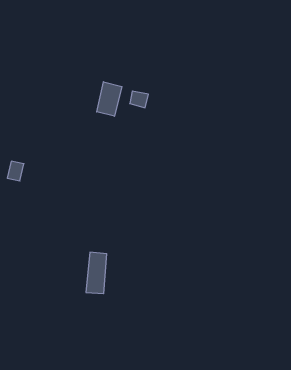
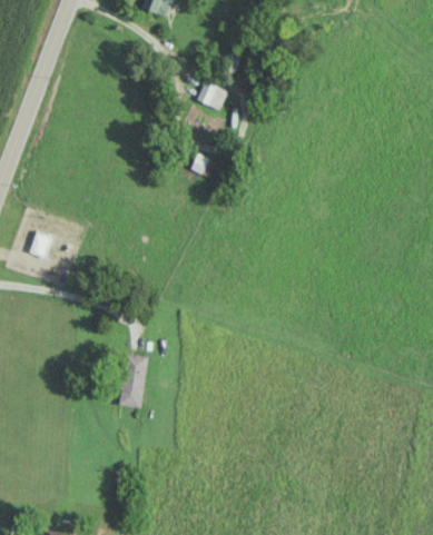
building: none -> [197,81,227,109]
building: [97,82,122,116] -> none

